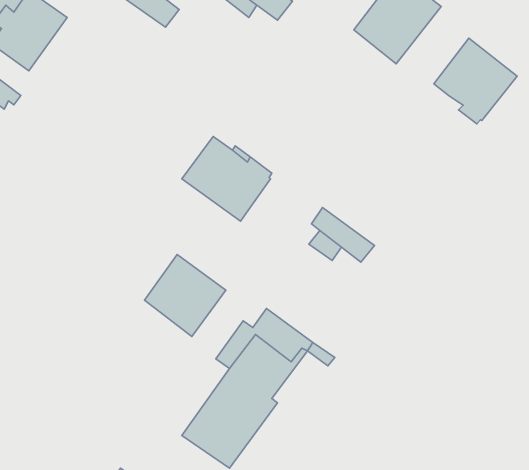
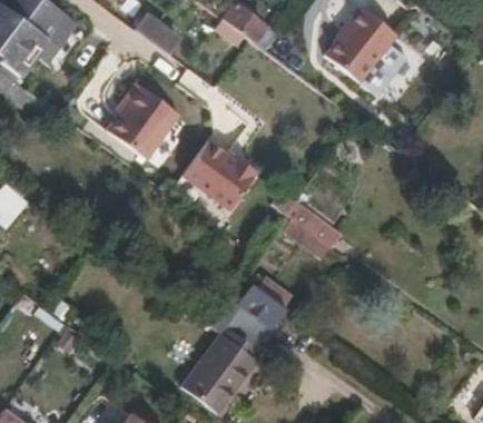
building: [434,38,517,124] -> none
building: none -> [107,82,179,157]
building: [144,255,226,336] -> none

